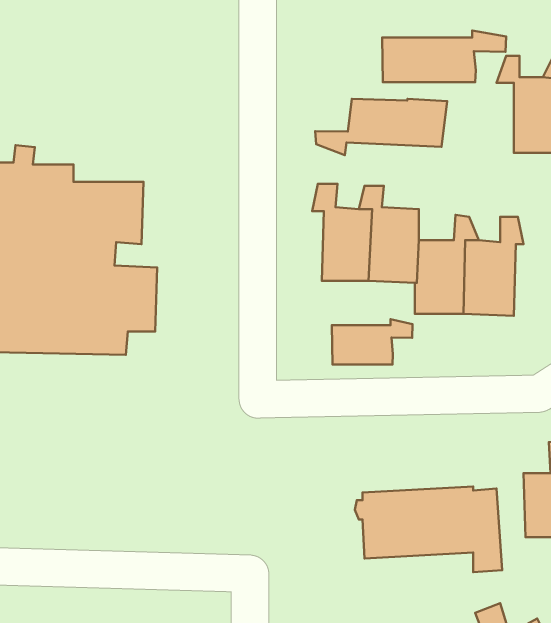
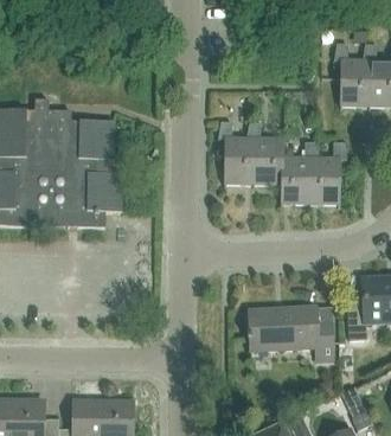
building: [382,31,506,82] -> none
building: [315,99,447,155] -> none
building: [332,319,413,365] -> none

